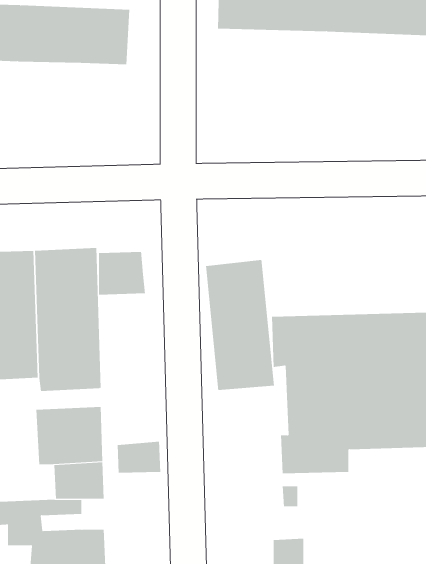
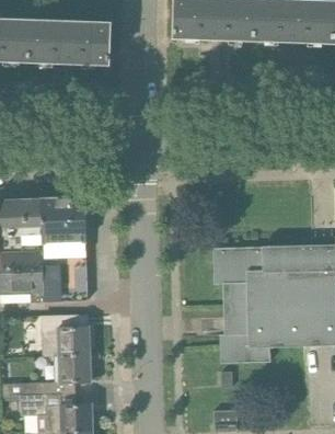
building: [98,251,145,296] -> none
building: [205,259,274,391] -> none
building: [117,441,161,473] -> none

